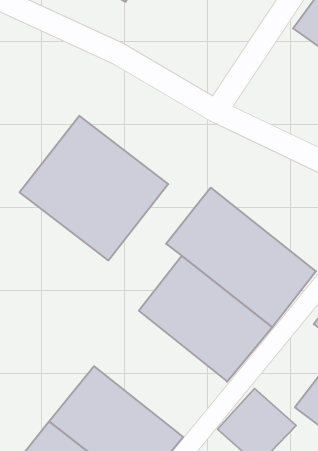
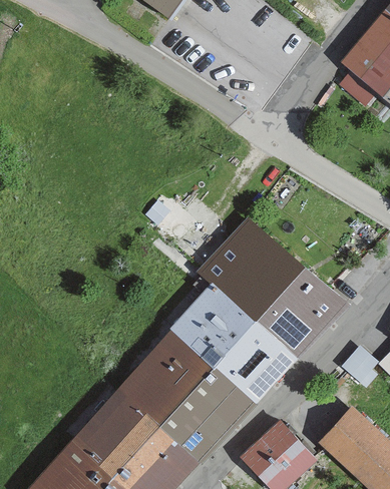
building: [20,116,168,260] -> none
building: none -> [117,335,250,464]

